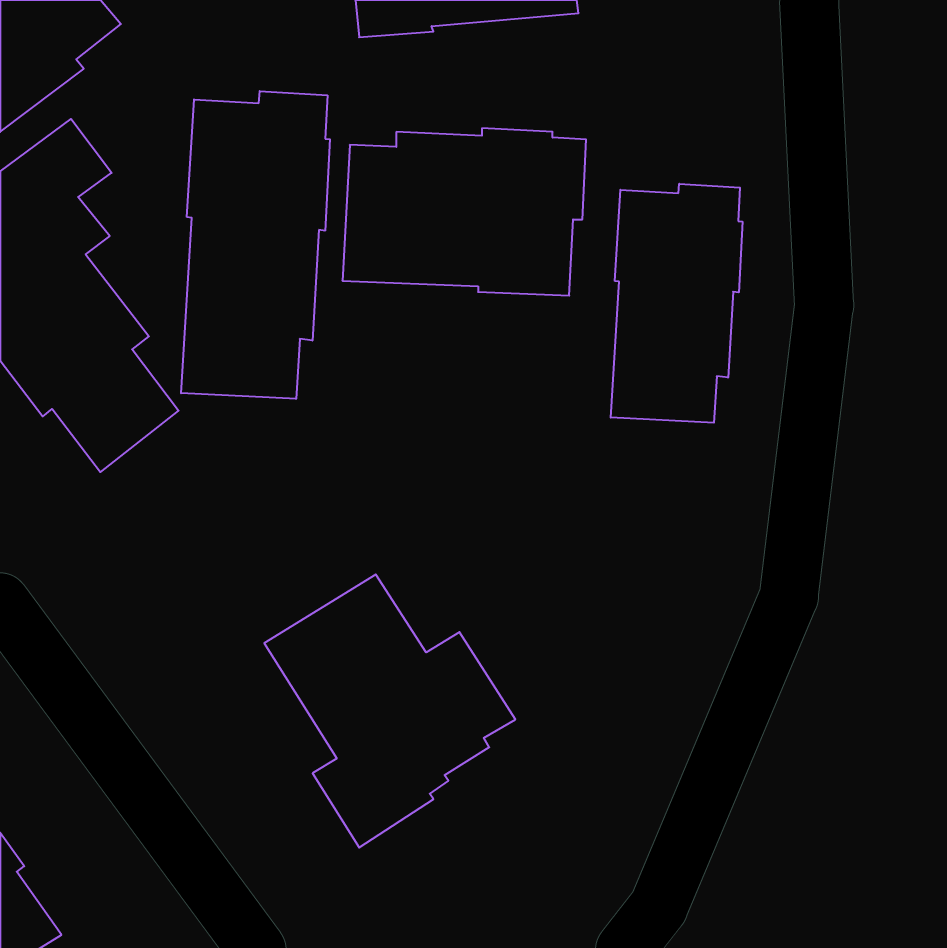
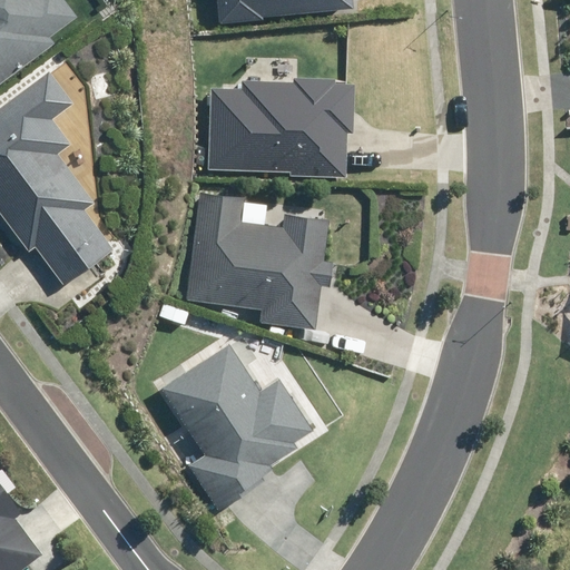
building: [181,91,330,399] -> none
building: [611,184,742,423] -> none
building: none -> [186,193,330,328]

